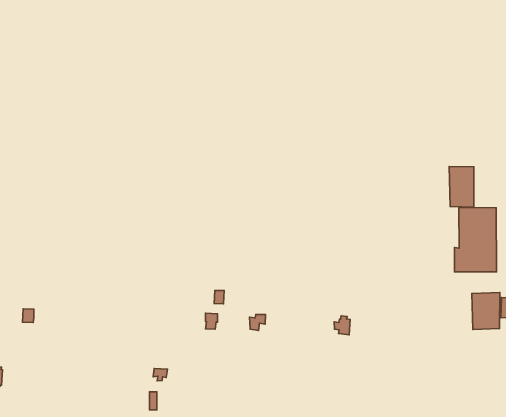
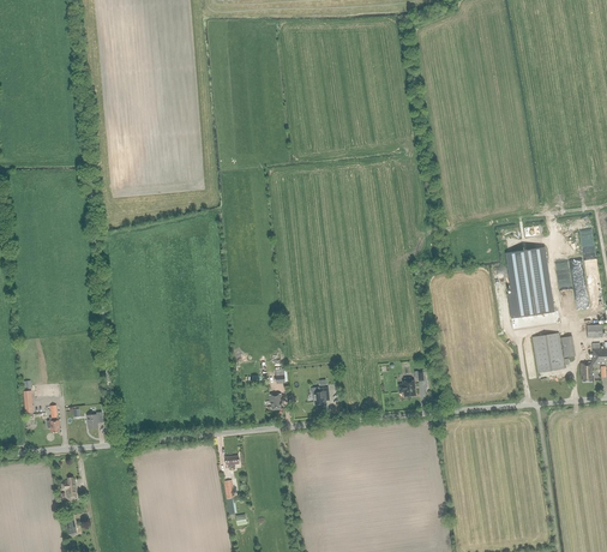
building: [449,167,474,207] -> none

